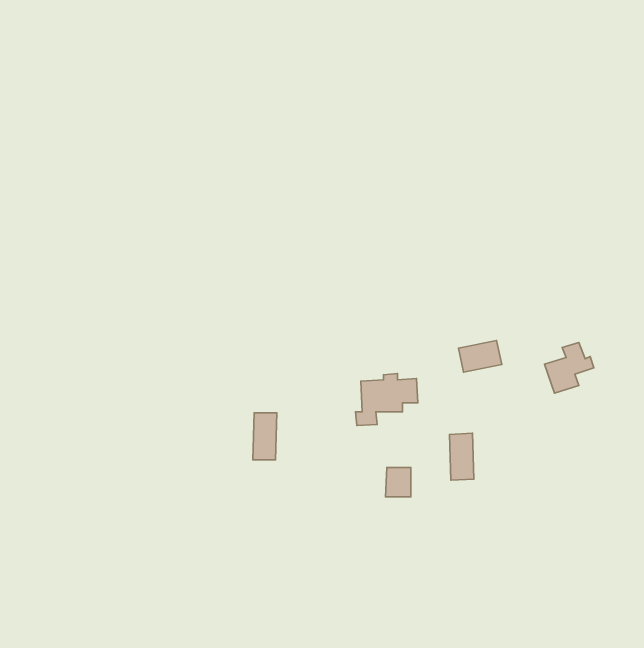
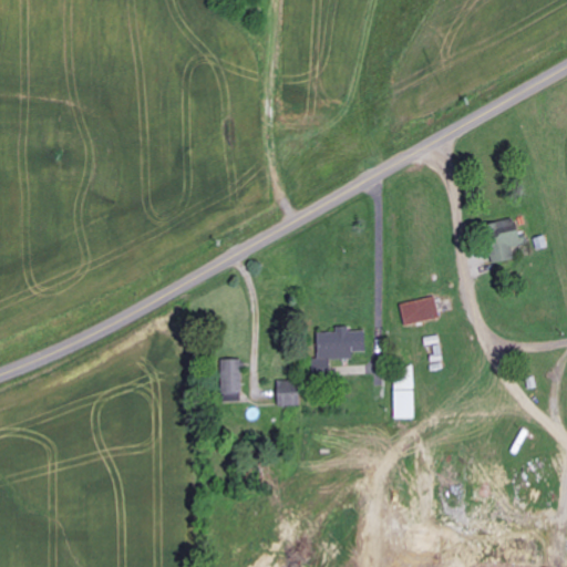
building: [544,342,594,393] -> [483,219,526,264]
building: [386,468,411,497] -> [276,380,298,405]

